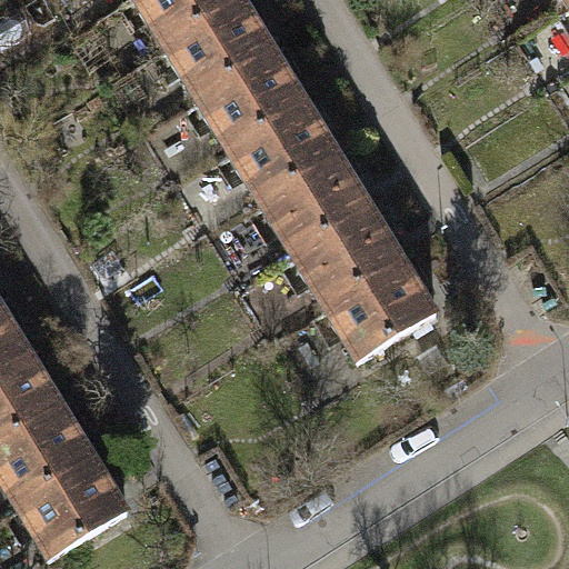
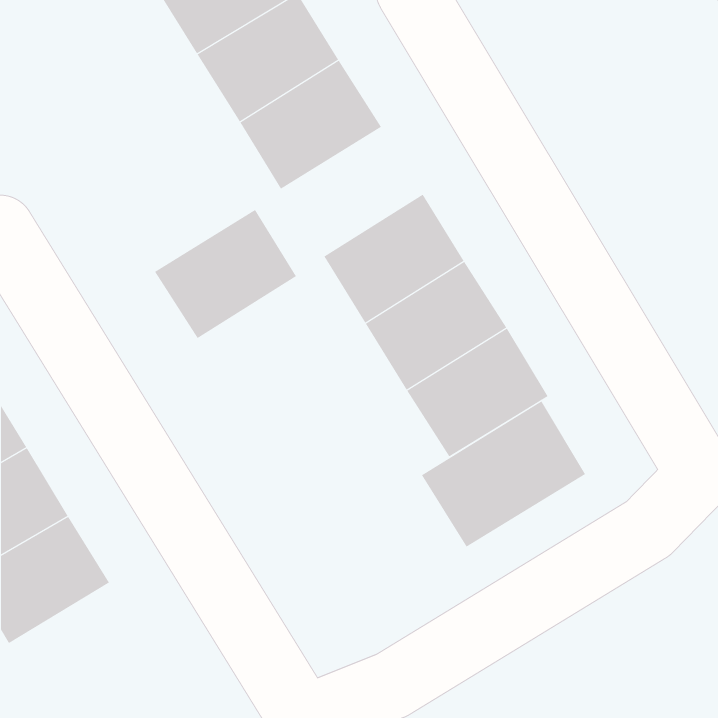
building: [227,99,338,200] -> [154,209,297,339]
building: none -> [421,400,586,548]
building: [14,455,126,555] -> none

